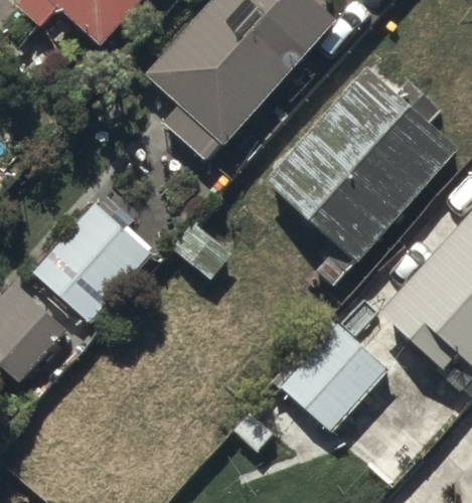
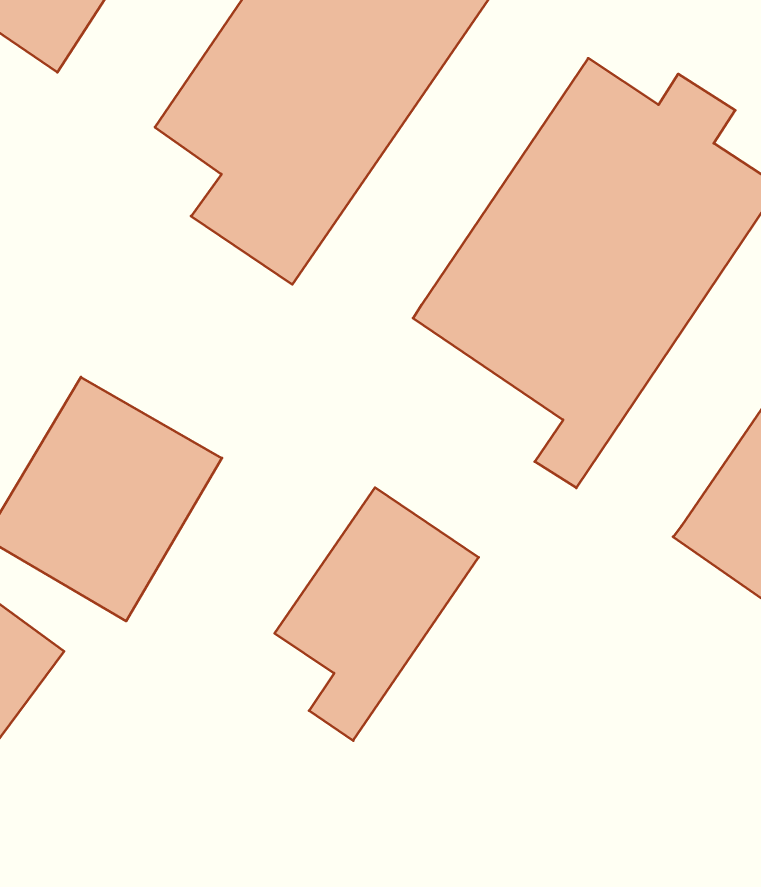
building: [284,316,391,442] -> [275,488,479,741]

